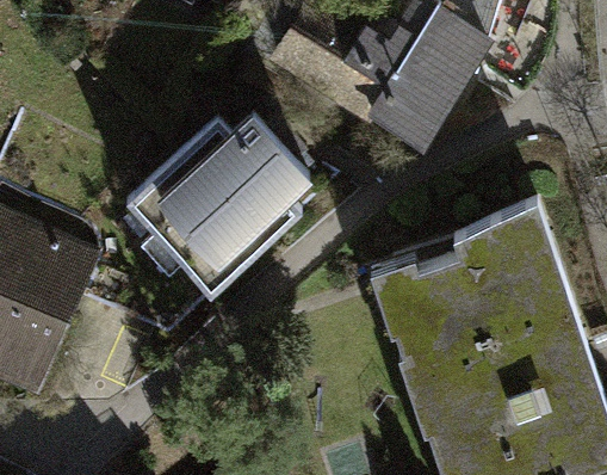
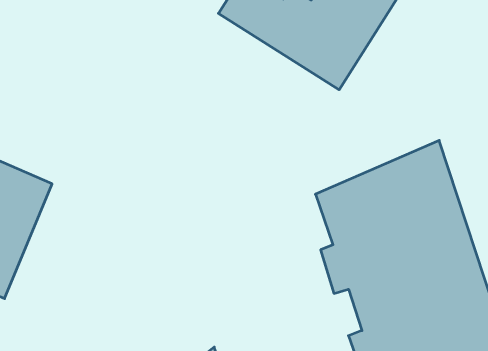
building: [126,124,310,302] -> none

